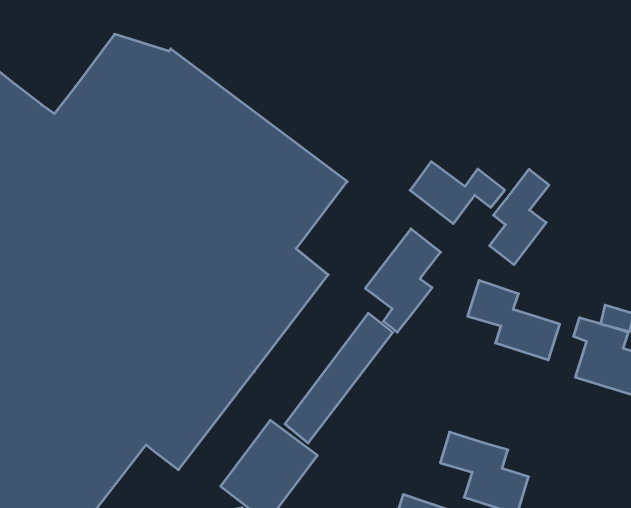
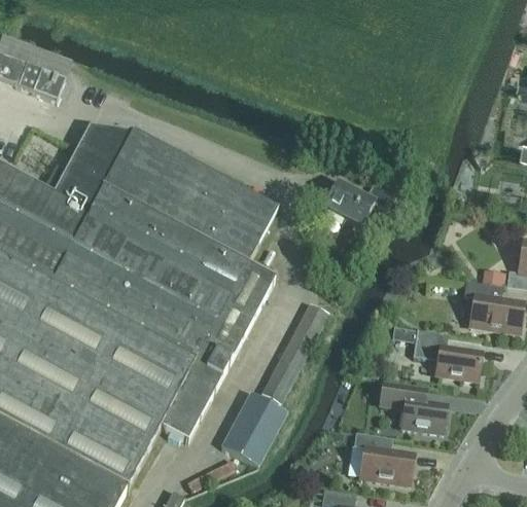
building: [490,169,549,265] -> none
building: [365,229,441,332] -> none
building: [468,280,560,360] -> [413,329,482,379]

